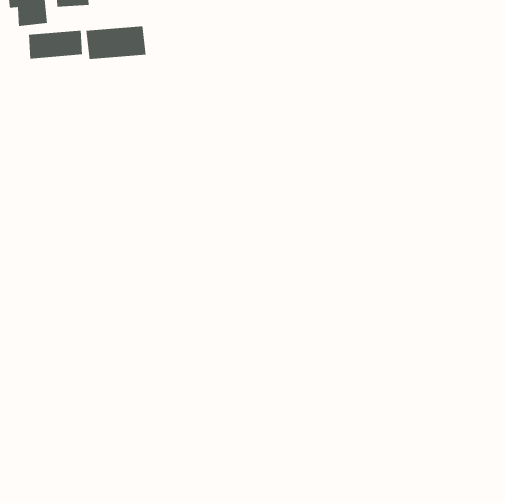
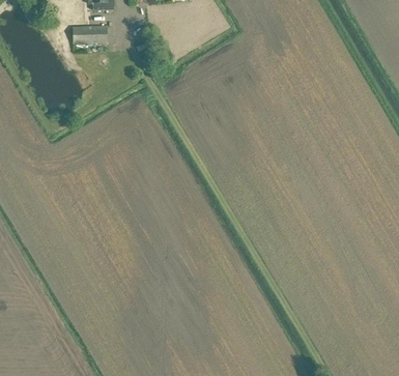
building: [85,25,146,60] -> none

